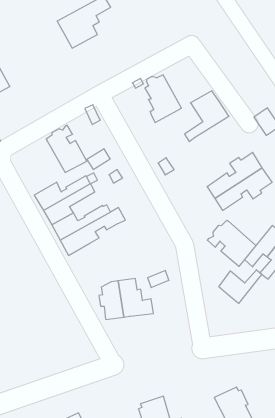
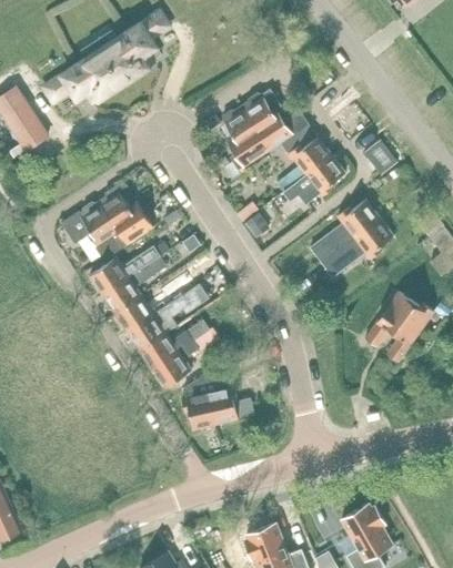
building: none -> [42,50,122,104]
building: none -> [242,90,306,150]
building: none -> [282,155,344,206]
building: none -> [61,203,125,260]
building: [207,220,256,266] -> none
building: none -> [138,321,221,388]
building: [219,270,262,303] -> none

